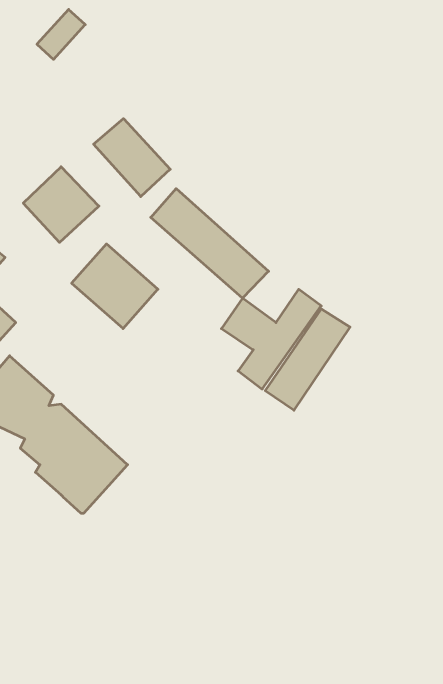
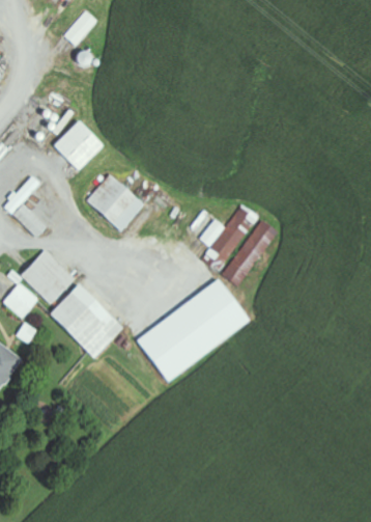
building: [94,119,170,197] -> none
building: [151,189,269,298] -> none
building: none -> [135,278,252,382]

